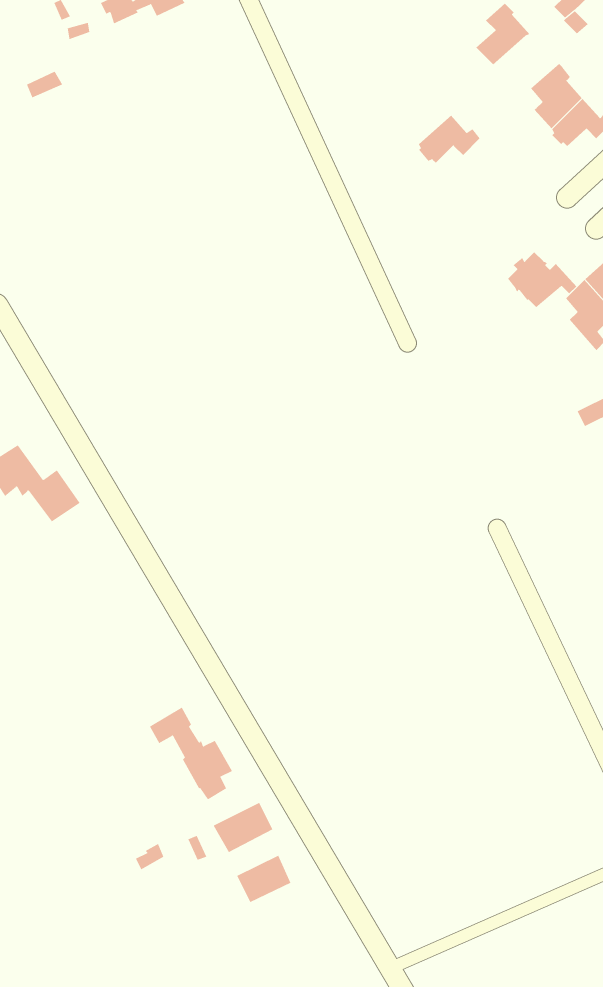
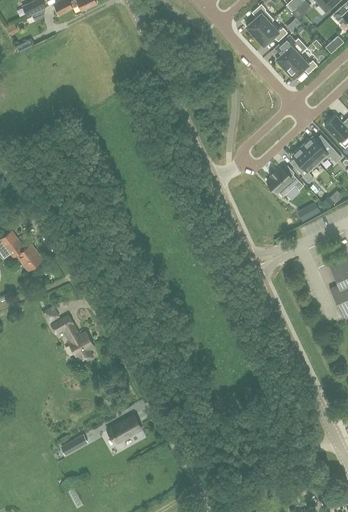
building: [418,115,481,164] -> [255,20,287,45]
building: [507,251,577,308] -> [267,167,303,196]
building: [149,707,233,800] -> [51,314,94,362]
building: [237,855,291,903] -> none

